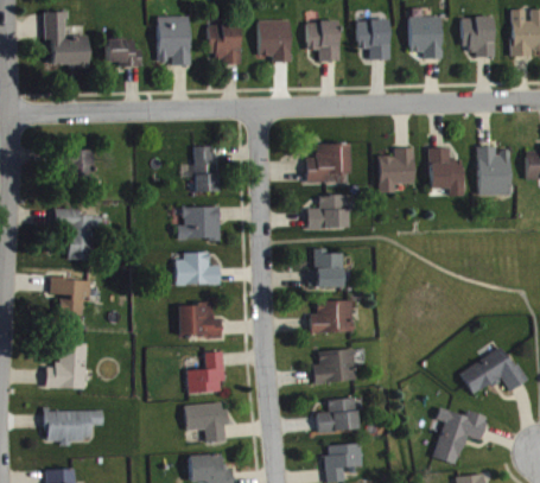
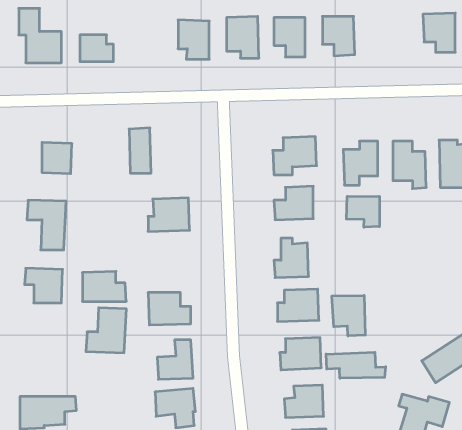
building: [157,17,190,65] -> none
building: [408,17,440,59] -> none
building: [193,146,216,192] -> [129,128,151,173]
building: none -> [346,196,379,227]
building: [174,254,220,285] -> [82,271,126,301]
building: none -> [332,295,365,336]
building: [45,343,87,389] -> [86,308,126,353]
building: none -> [326,352,386,378]

